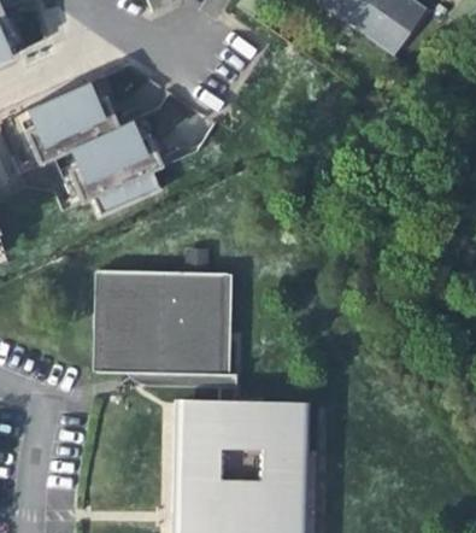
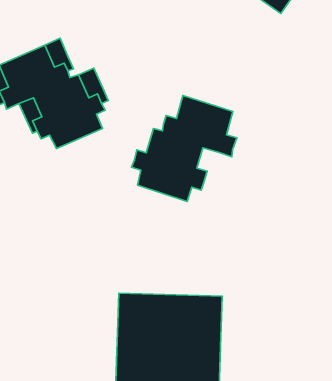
building: none -> [132,95,237,201]
building: [94,273,230,375] -> none

